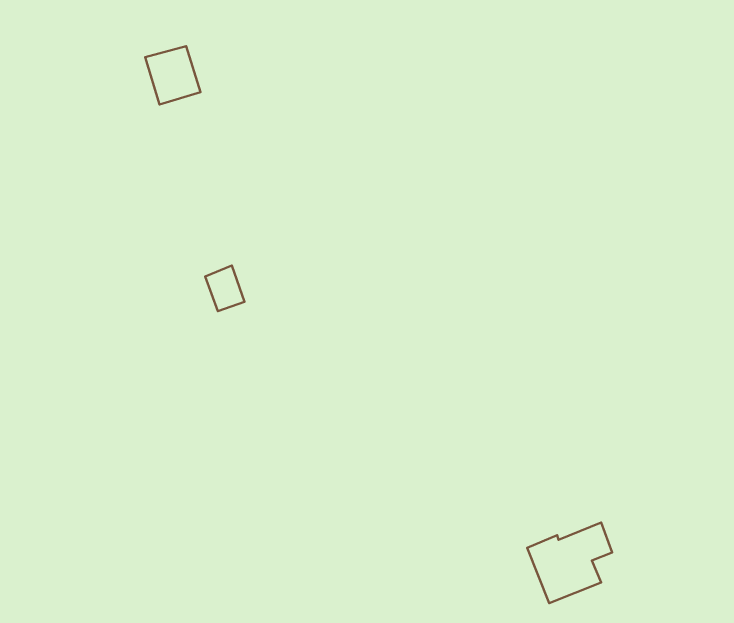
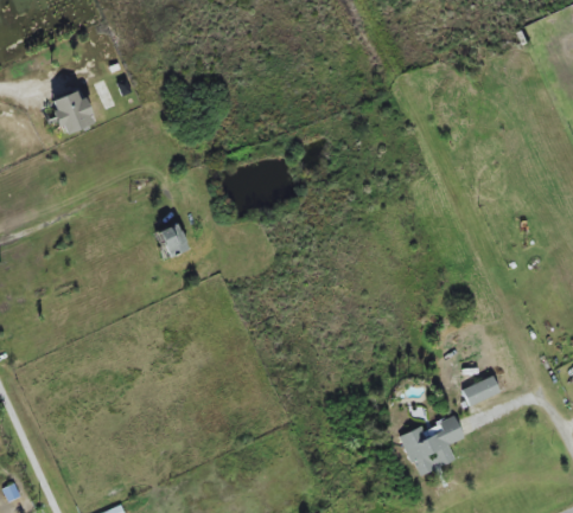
building: [145,46,200,105] -> [51,89,93,133]
building: none -> [463,374,501,404]

